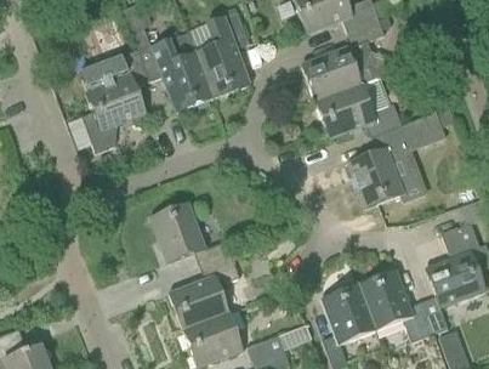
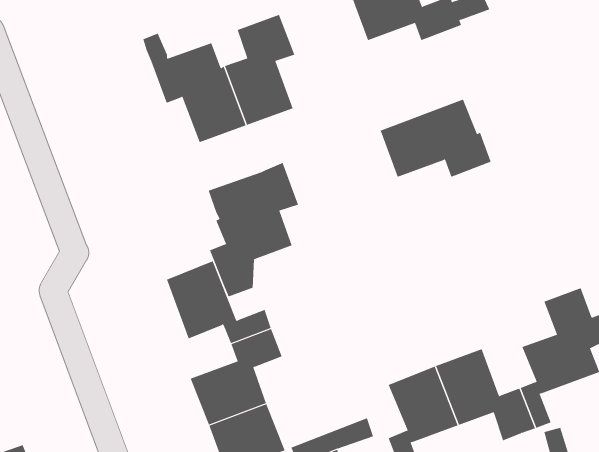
building: [302,21,383,102] -> none
building: [80,49,150,153] -> [208,162,299,297]
building: [348,113,445,208] -> none

